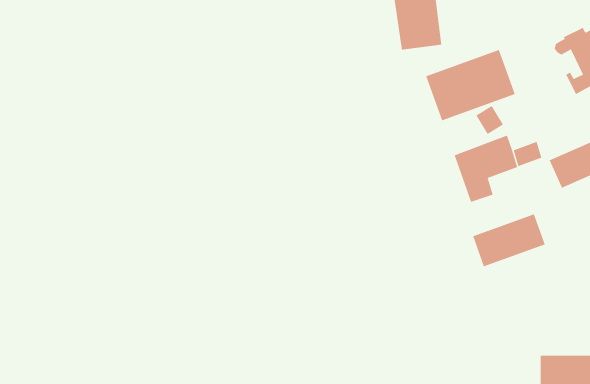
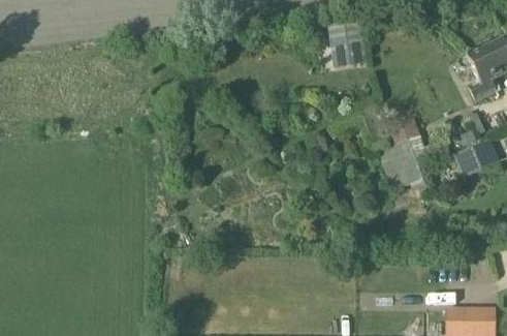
building: [426,49,516,121] -> none
building: [472,214,546,267] -> none

